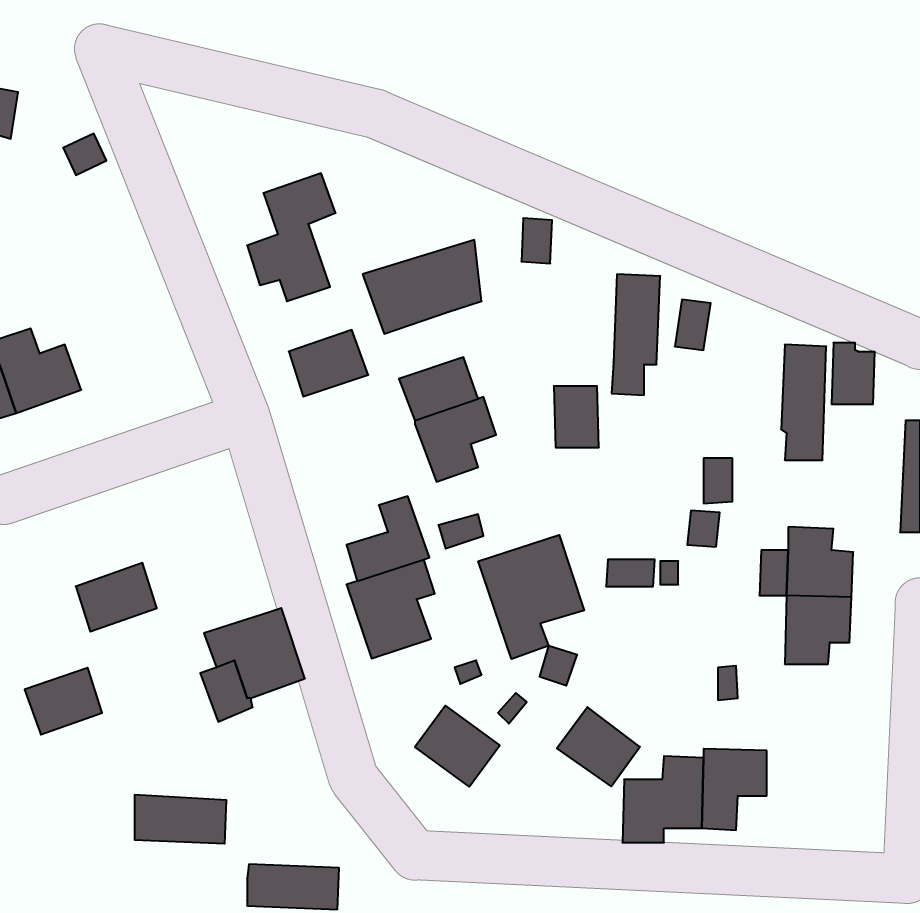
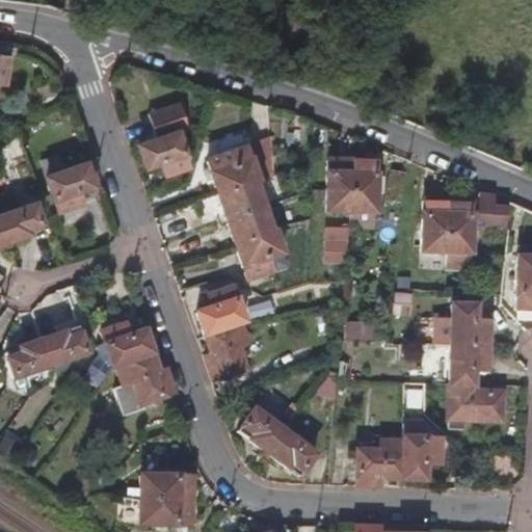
building: none -> [46,152,97,208]
building: none -> [326,157,355,209]
building: [289,330,368,397] -> [221,180,267,218]
building: none -> [424,197,452,256]
building: [478,535,584,659] -> none
building: none -> [102,322,156,365]
building: none -> [451,382,504,428]
building: [25,668,102,735] -> [7,338,52,376]
building: [557,707,640,786] -> [270,429,318,475]
building: [135,795,227,844] -> [143,472,196,500]

